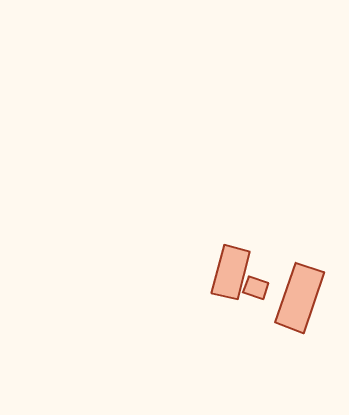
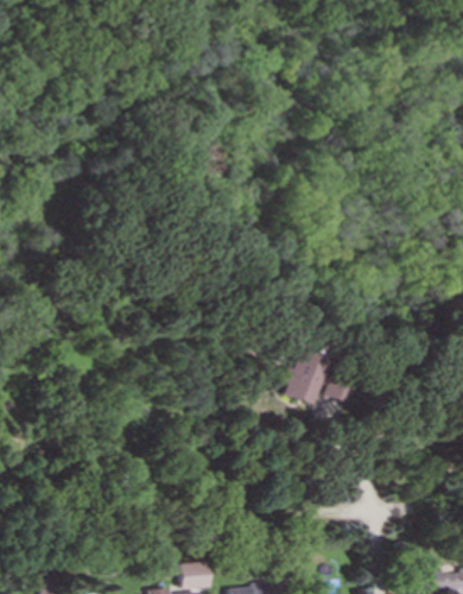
building: [275,263,324,333] -> none

